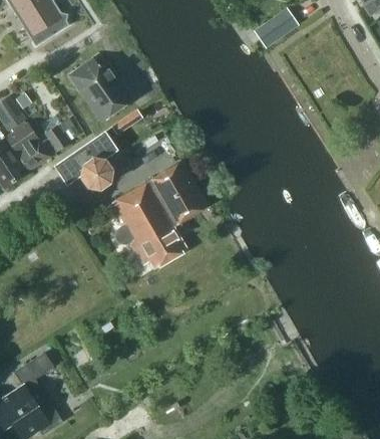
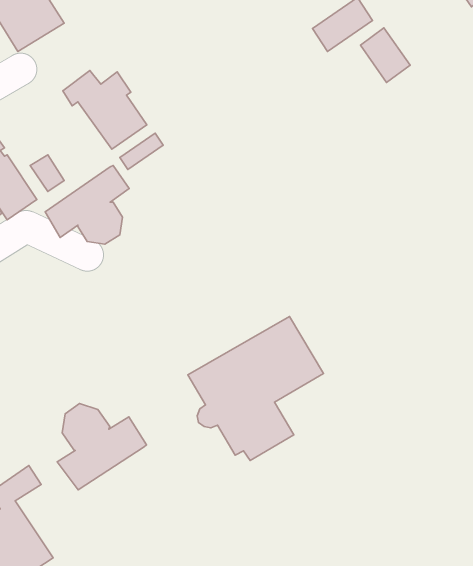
building: none -> [360,28,410,83]
building: [108,163,209,269] -> [188,317,324,460]
building: none -> [57,403,146,490]

